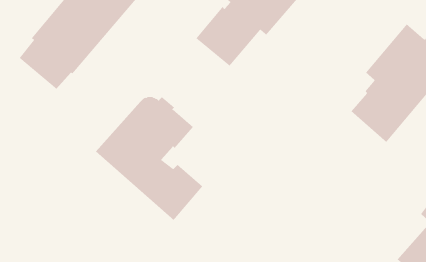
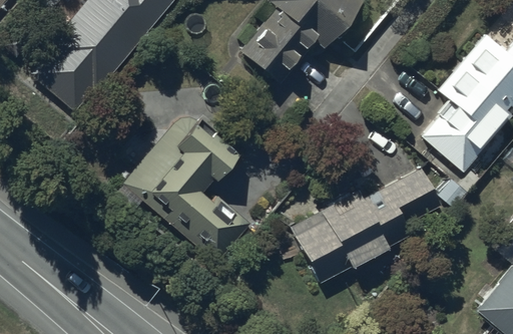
building: none -> [290,165,440,282]

